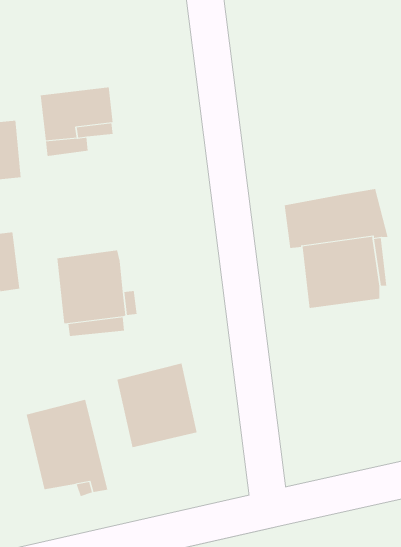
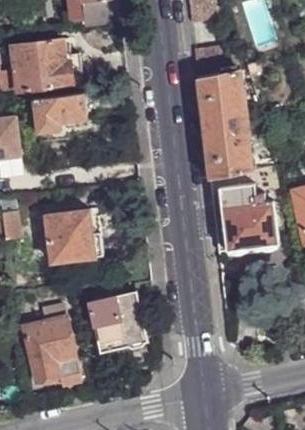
building: none -> [11,38,71,91]
building: none -> [193,44,250,177]

